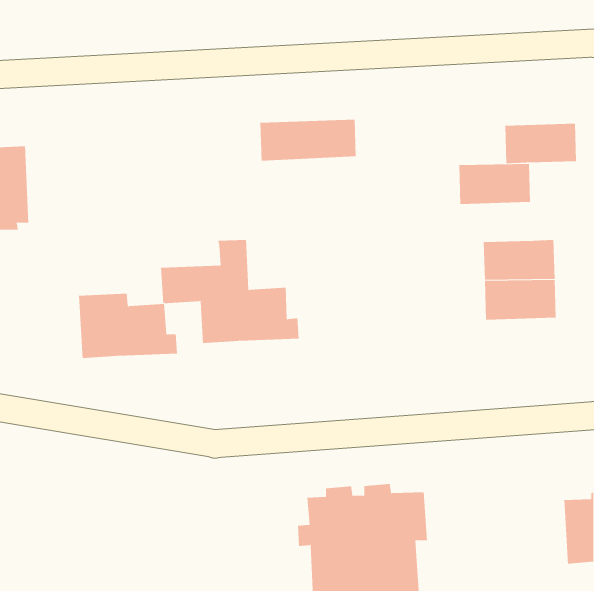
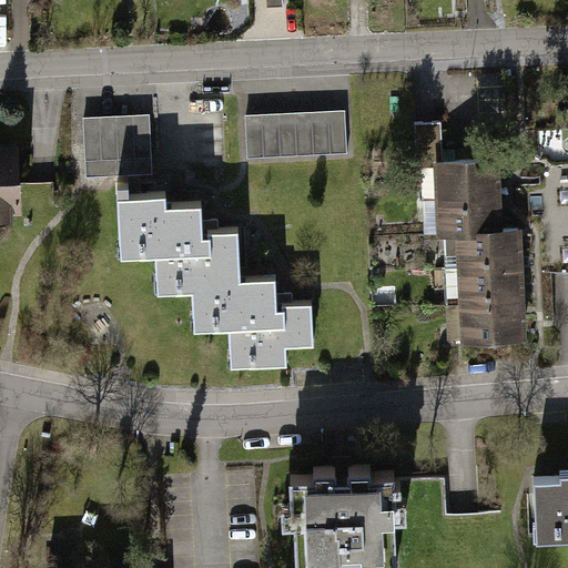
building: none -> [83,122,145,178]
building: [504,123,577,164] -> [436,197,505,236]
building: [78,293,178,358] -> [114,200,209,262]
building: none -> [227,303,310,369]
building: none -> [460,307,529,346]

